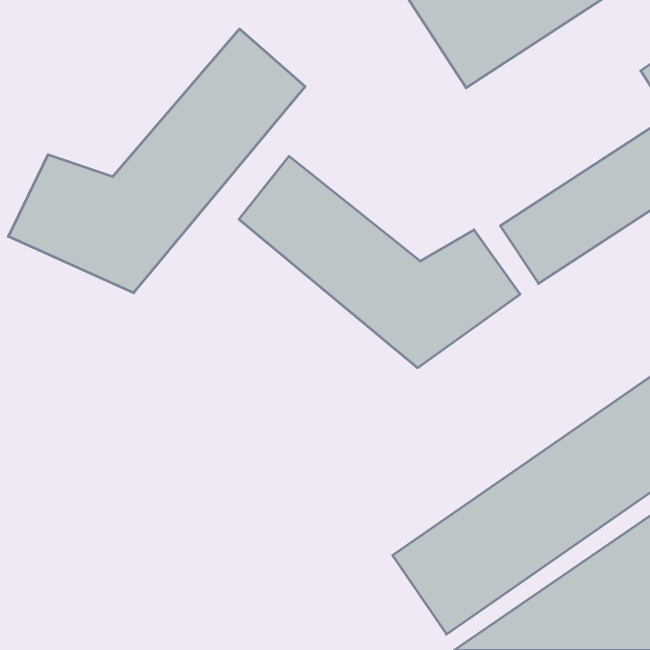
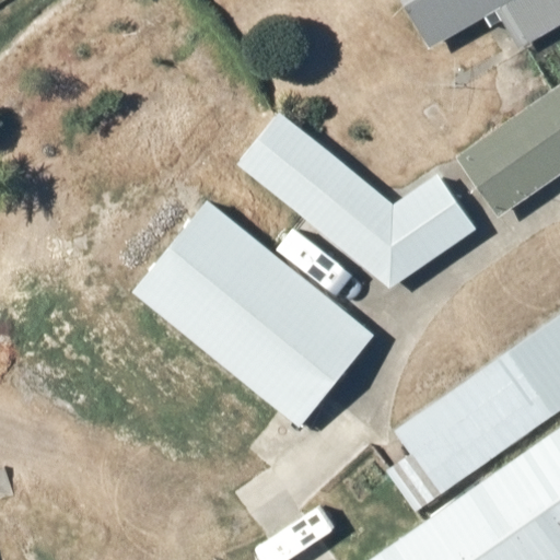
building: [8,29,305,293] -> none
building: none -> [113,222,346,438]

